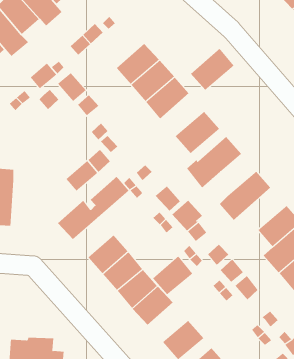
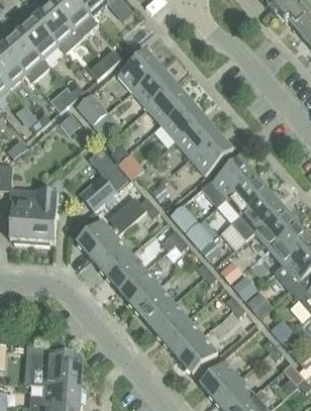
building: none -> [117,49,160,91]
building: [190,48,234,91] -> [175,115,217,157]
building: none -> [225,174,268,214]
building: none -> [31,188,60,244]
building: none -> [253,206,297,247]
building: none -> [91,235,130,274]
building: [152,256,193,295] -> [163,317,202,355]

